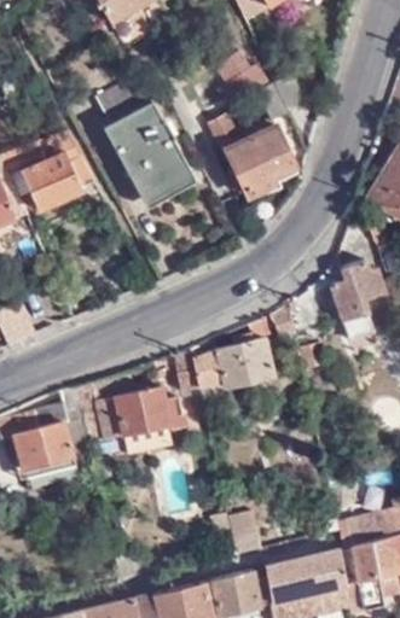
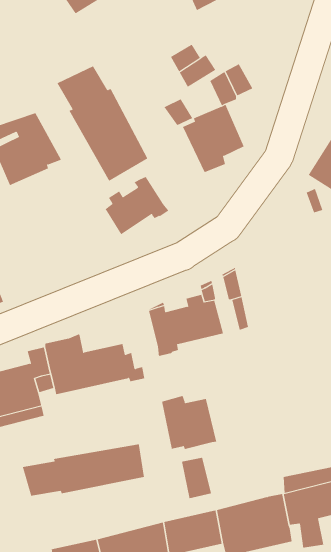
building: none -> [105,176,169,235]
building: [329,258,384,343] -> none
building: none -> [162,395,217,450]
building: none -> [22,443,145,497]

